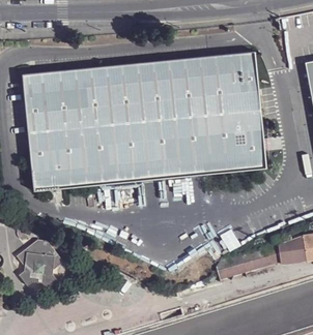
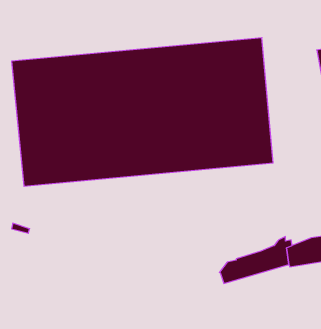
building: [17,238,63,286] -> none

